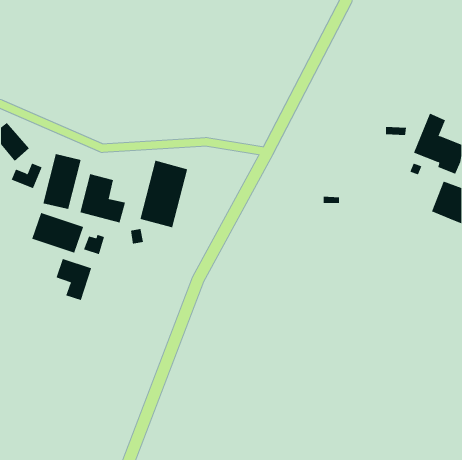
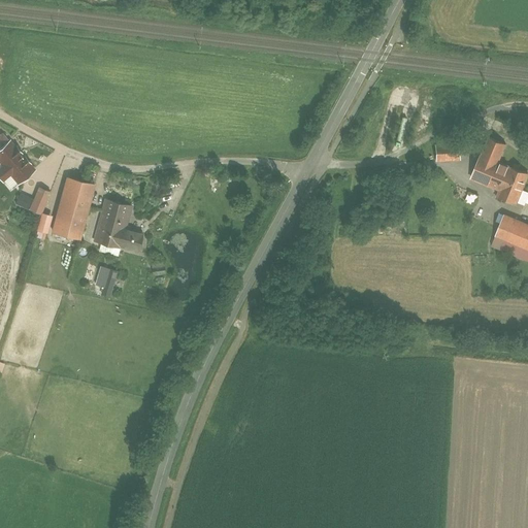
building: [140,160,188,228] -> none
building: [31,212,84,254] -> none
building: [56,258,92,301] -> none

